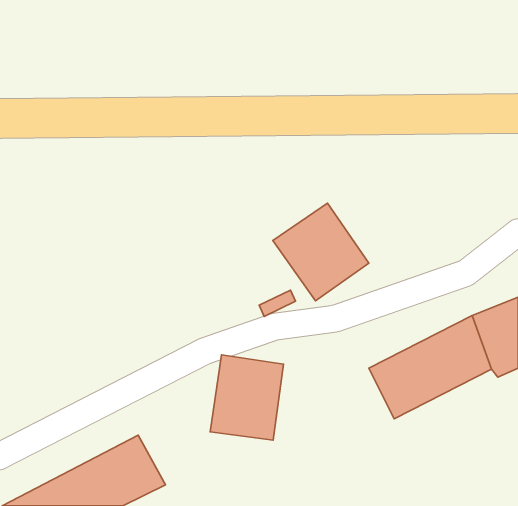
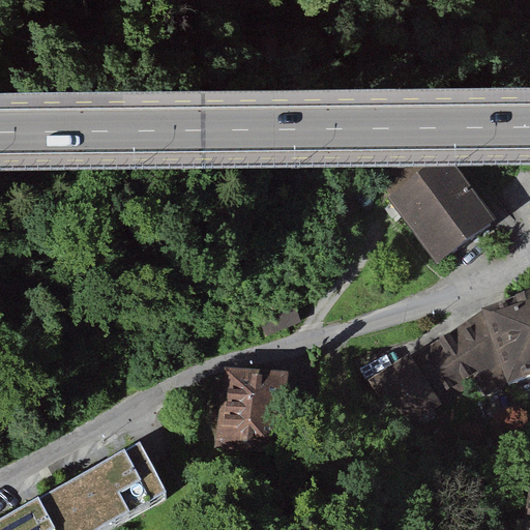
building: none -> [382,137,501,265]
building: [273,203,369,301] -> none

